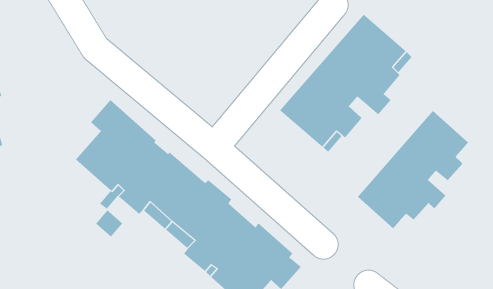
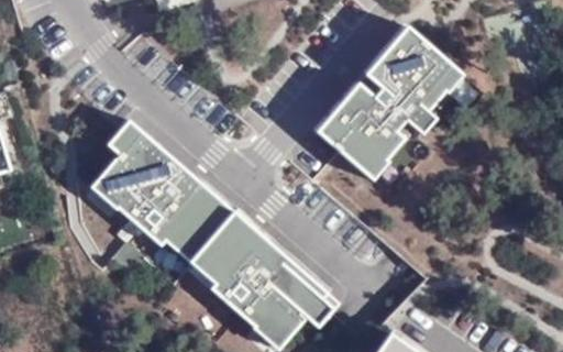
building: [357,110,469,229] -> none

